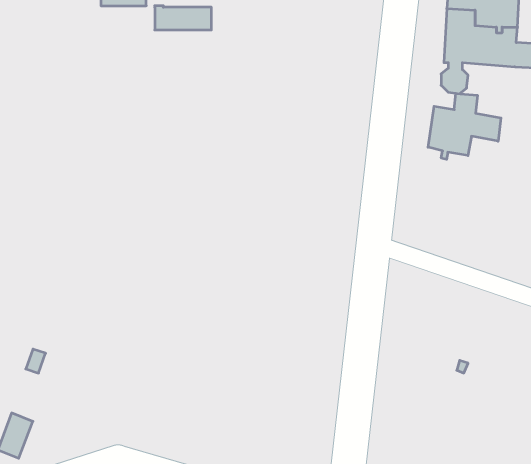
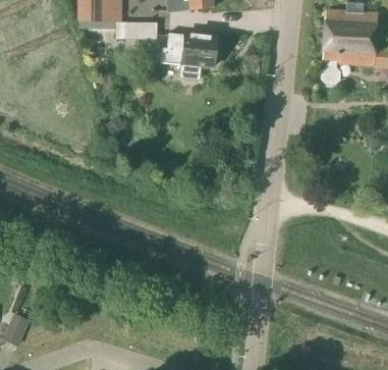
building: none -> [161,33,220,80]
building: [428,93,501,159] -> none

